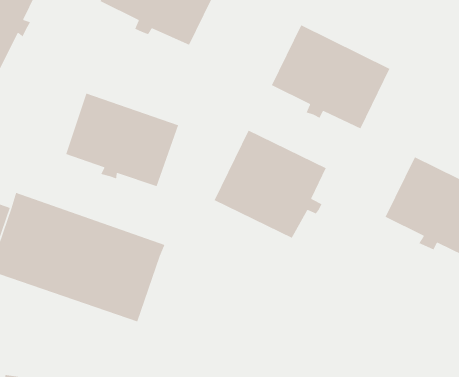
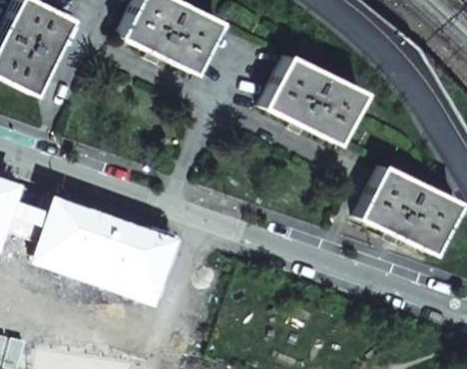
building: [65,92,179,187] -> none
building: [214,129,327,239] -> none

